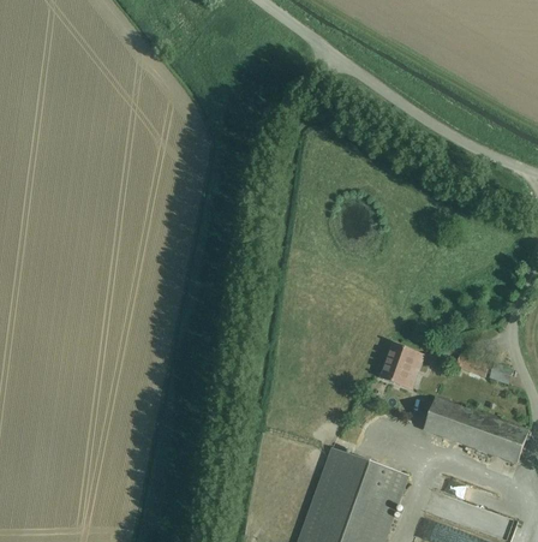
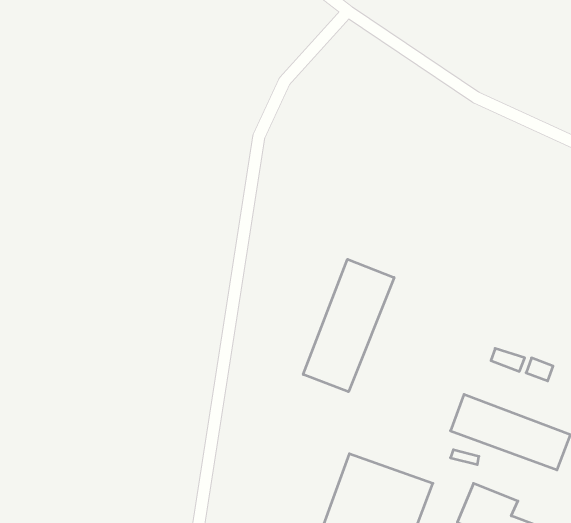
building: none -> [303,259,394,392]
building: [381,345,425,391] -> none

